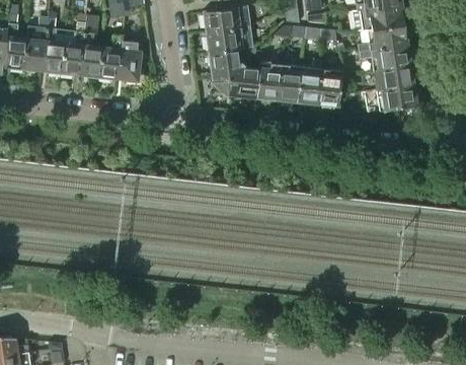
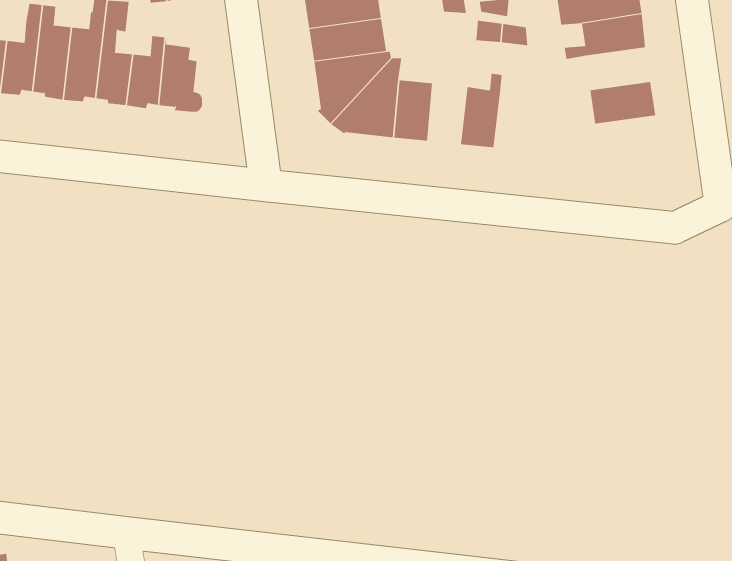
building: [372,44,410,69] -> none
building: [278,65,301,101] -> none
building: [317,70,341,106] -> none
building: [377,84,416,115] -> none

